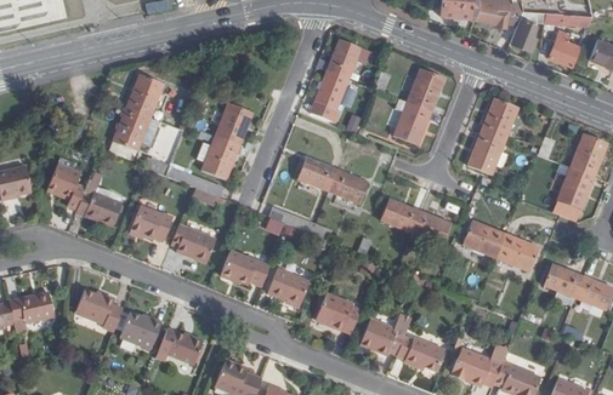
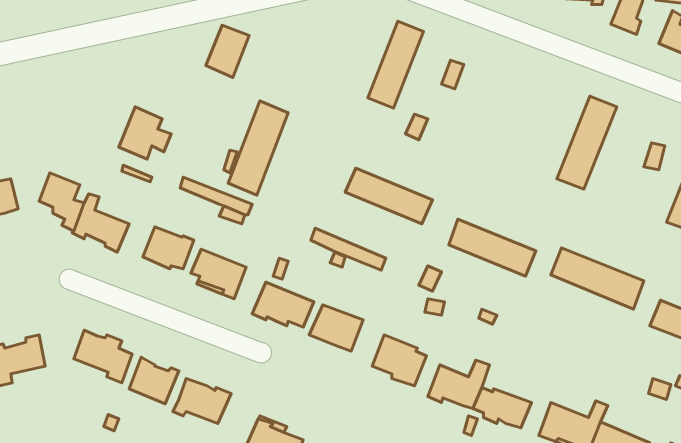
building: [392,69,443,145] -> none
building: [126,75,161,118] -> [206,25,249,78]

